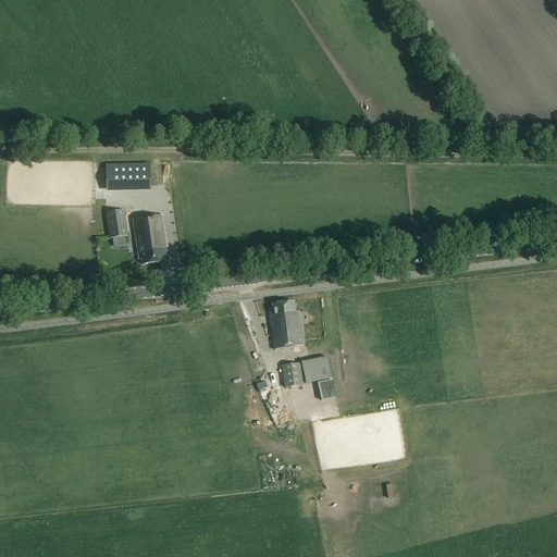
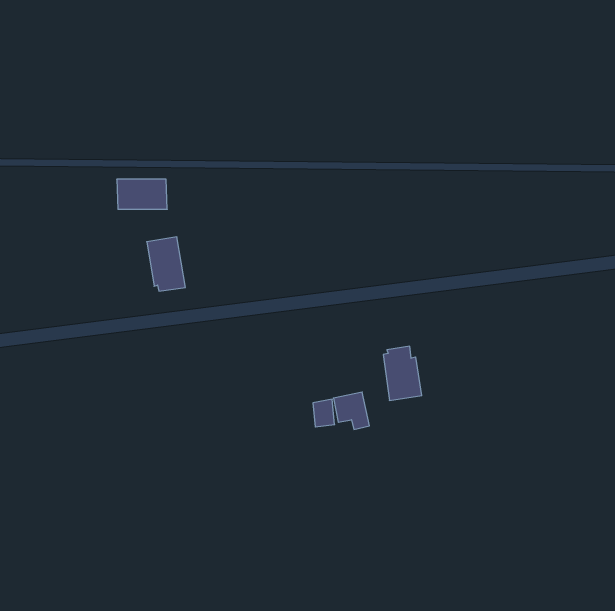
building: [107,208,128,237] -> none
building: [269,299,304,348] -> [383,346,422,400]

